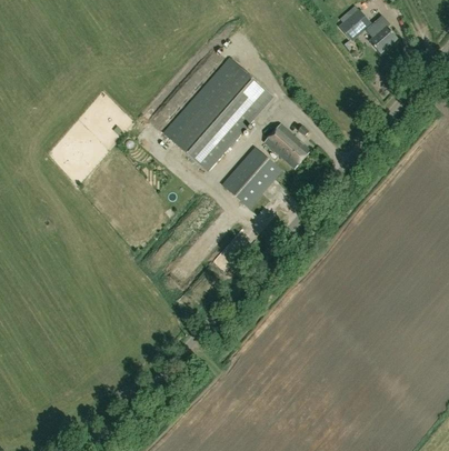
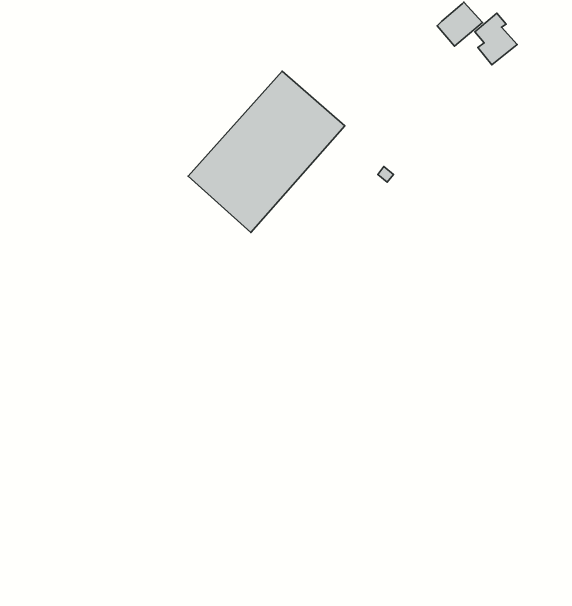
building: [263,123,310,169] -> none
building: [221,147,281,208] -> none

